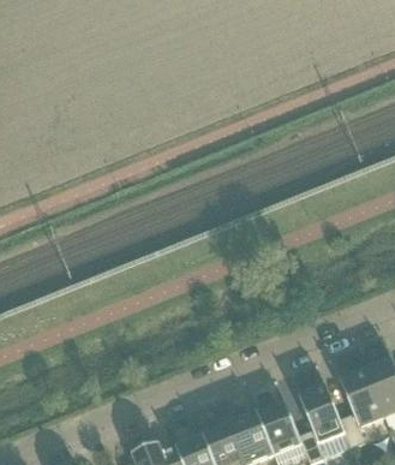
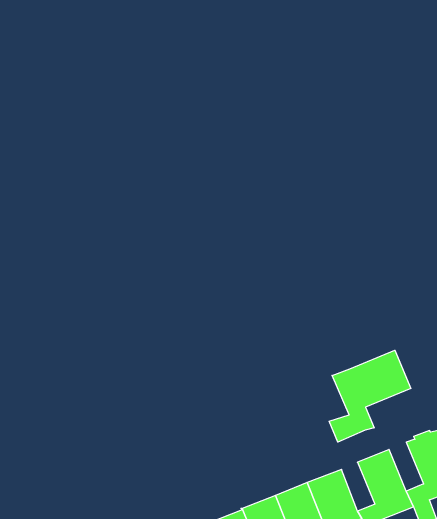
building: none -> [329,350,411,442]

